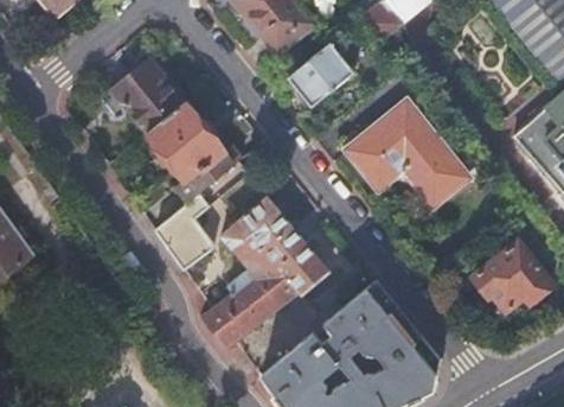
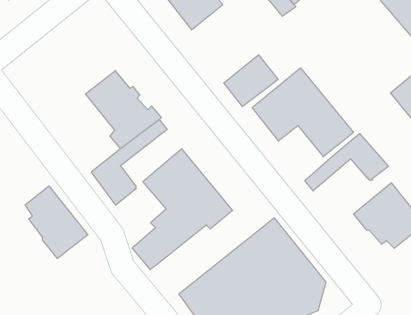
building: [289,43,355,106] -> [224,55,278,107]
building: [110,56,184,132] -> none
building: none -> [305,134,388,191]
building: none -> [25,186,88,258]

